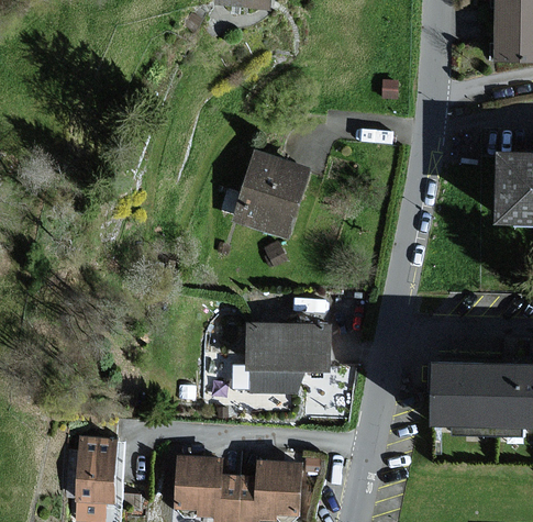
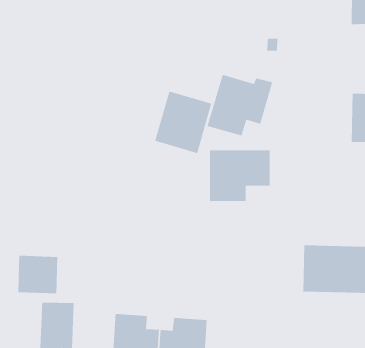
building: none -> [206,74,273,136]
building: [248,324,332,396] -> [209,149,271,202]
building: none -> [17,255,58,294]

